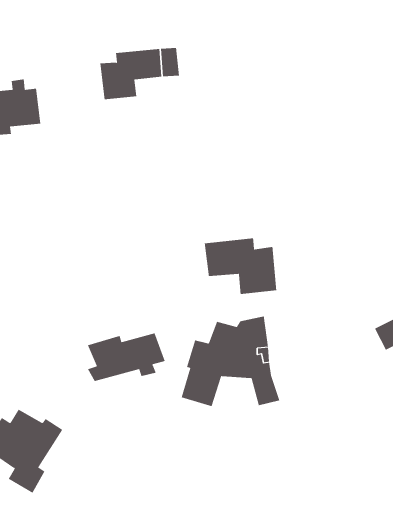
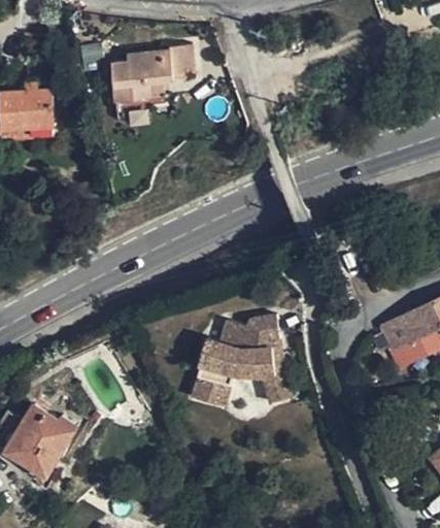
building: [204,238,277,295] -> none
building: [87,333,166,382] -> none

